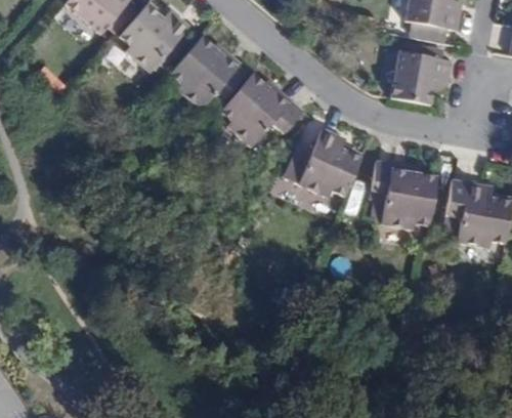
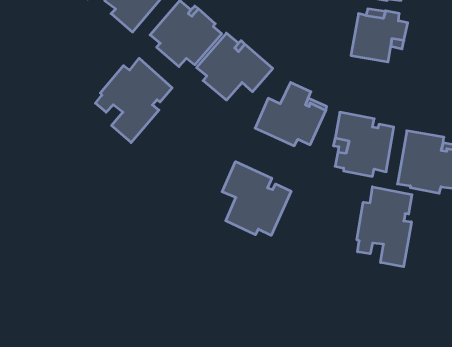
building: none -> [95,58,172,143]
building: none -> [222,162,291,235]
building: none -> [357,187,412,267]

